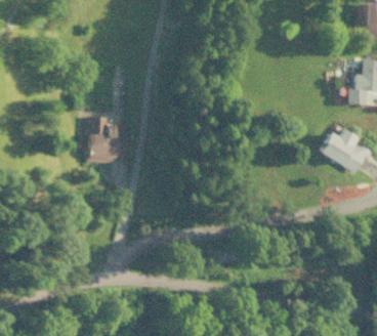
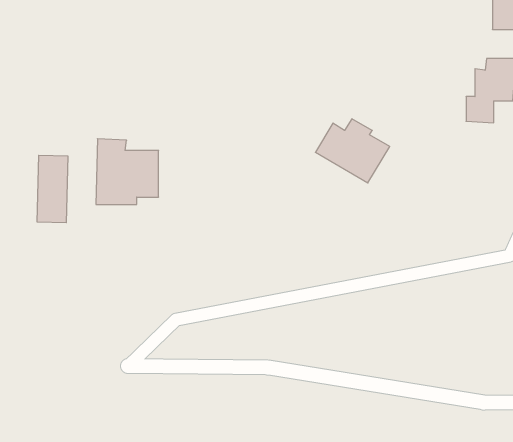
building: none -> [37,155,68,223]
building: [311,129,364,174] -> [315,119,390,183]

